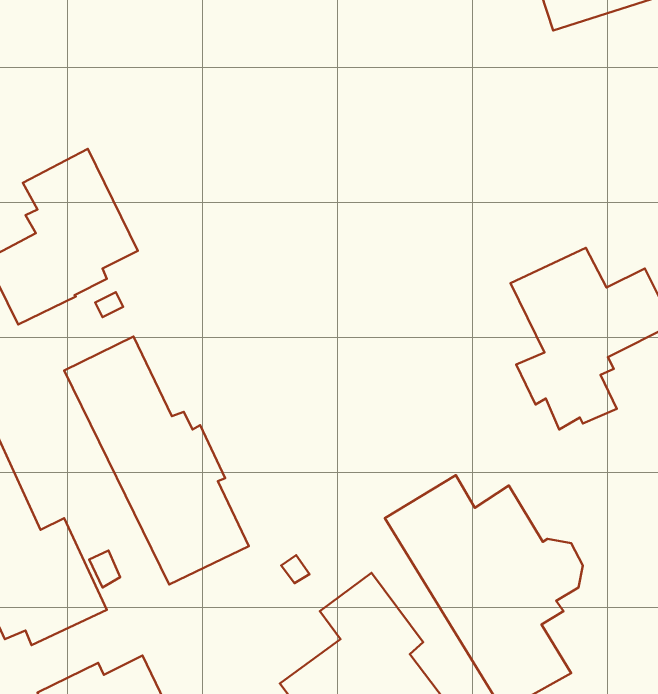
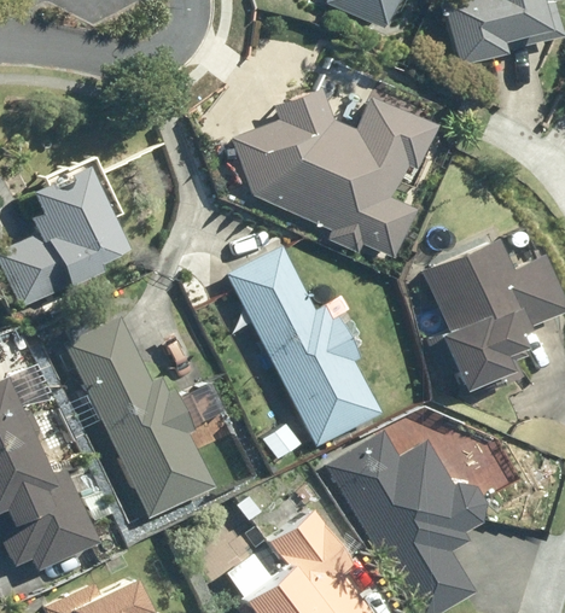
building: none -> [235,86,441,253]
building: none -> [226,246,380,446]

